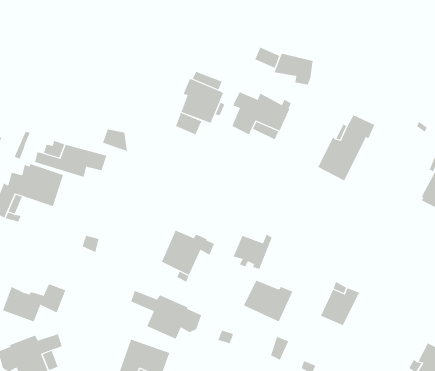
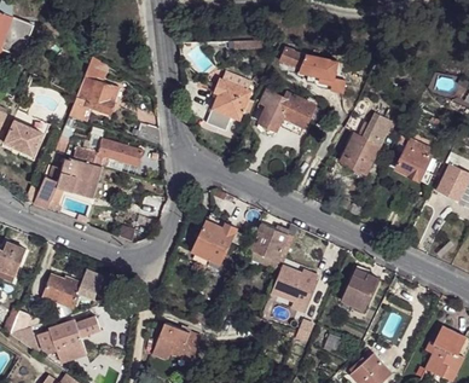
building: none -> [68,56,116,121]
building: none -> [394,139,444,180]
building: [131,290,202,340] -> none

